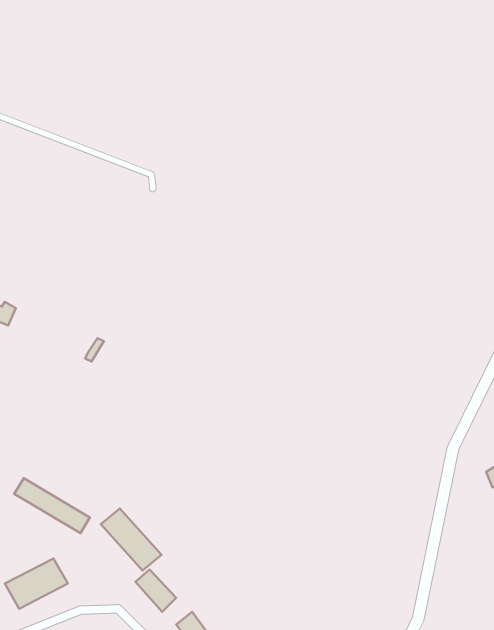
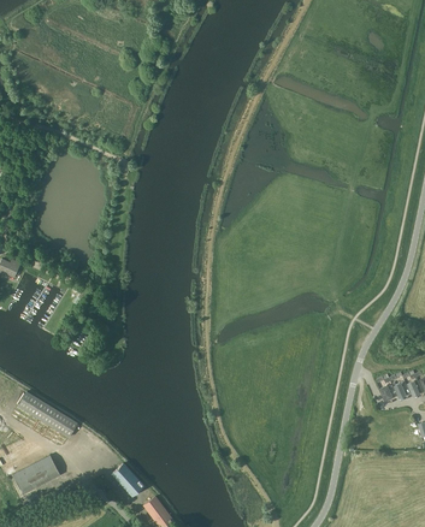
building: [101,509,161,570] -> none

